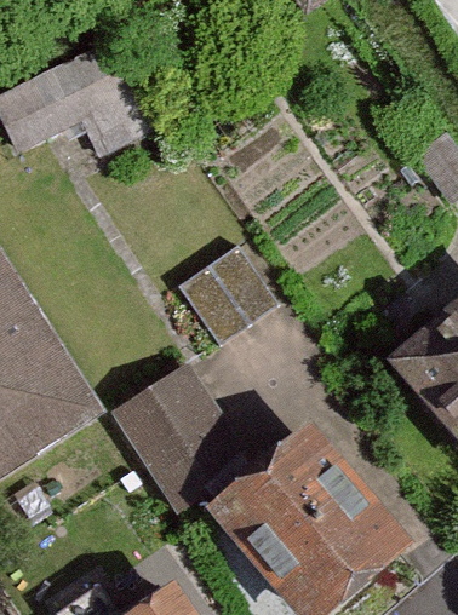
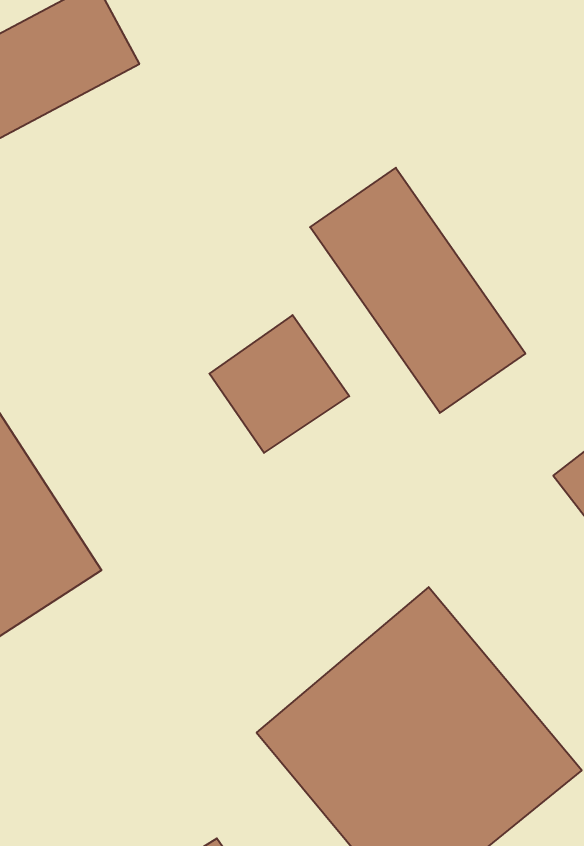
building: none -> [310,168,525,413]
building: [105,338,262,498] -> none

